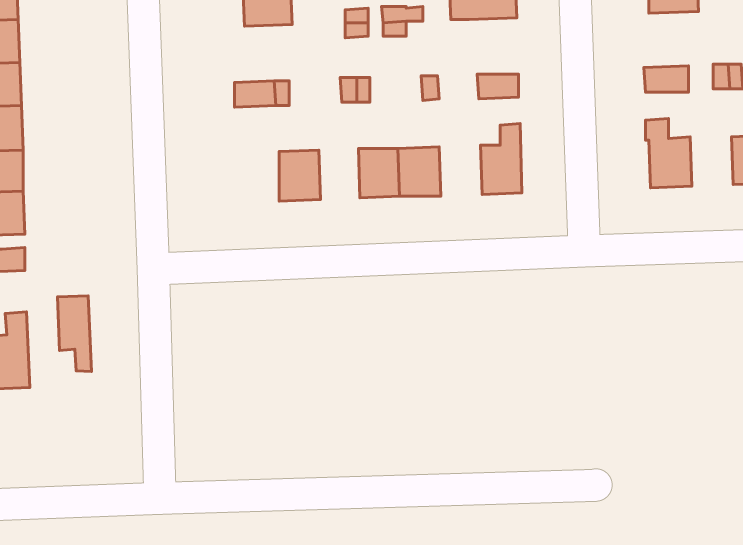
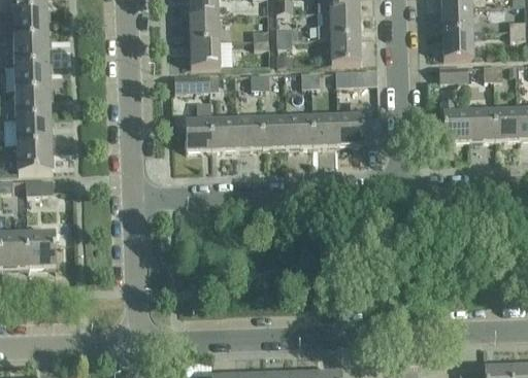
building: none -> [443,32,475,58]
building: none -> [331,36,362,63]
building: none -> [191,40,222,68]
building: none -> [185,102,212,150]
building: none -> [469,110,496,141]
building: none -> [312,115,339,147]
building: none -> [237,117,263,149]
building: [58,296,92,371] -> none

